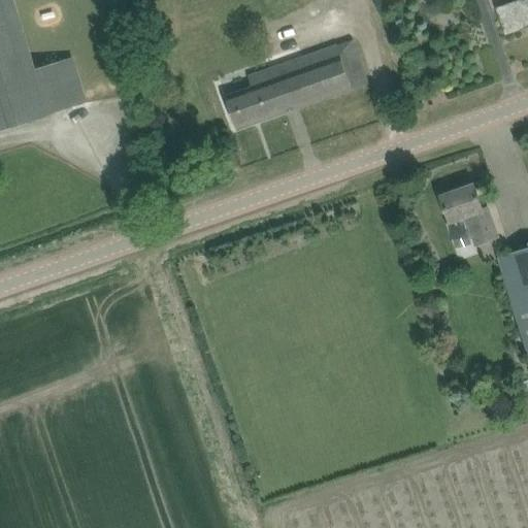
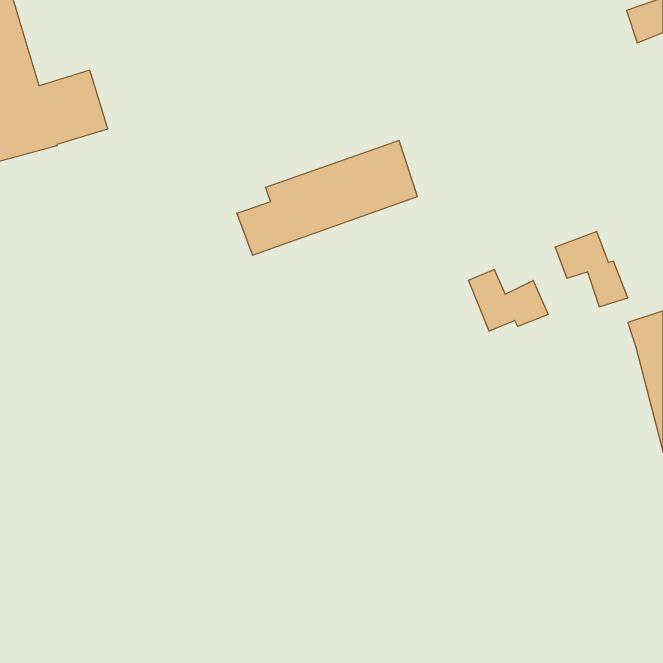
building: [225,37,368,128] -> [237,141,417,255]
building: none -> [468,269,548,331]

